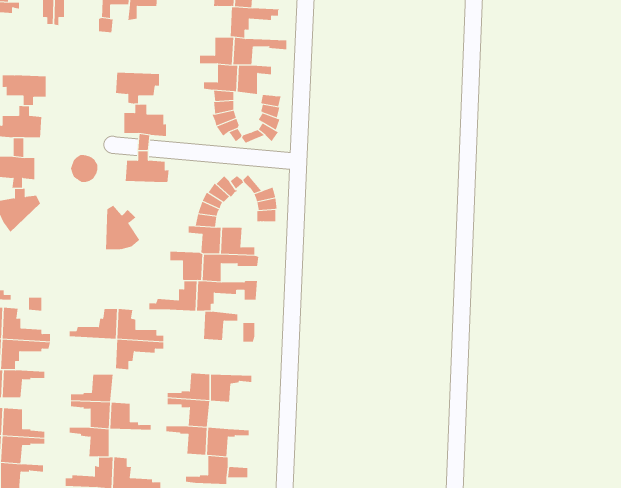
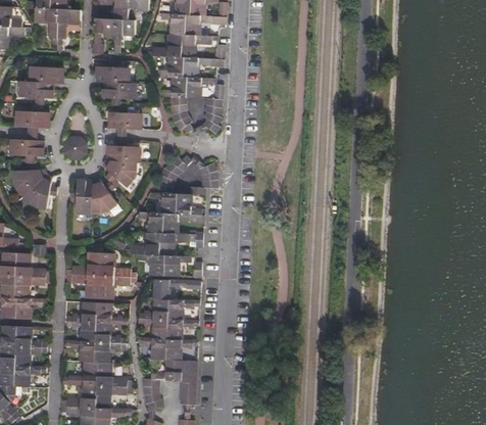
building: none -> [147,33,184,55]
building: none -> [93,57,127,82]
building: none -> [26,61,58,84]
building: none -> [101,160,135,186]
building: none -> [22,177,57,209]
building: none -> [69,181,93,214]
building: none -> [139,254,164,276]
building: none -> [65,274,100,297]
building: none -> [153,281,200,301]
building: none -> [96,301,127,323]
building: none -> [166,321,198,341]
building: none -> [95,341,126,363]

